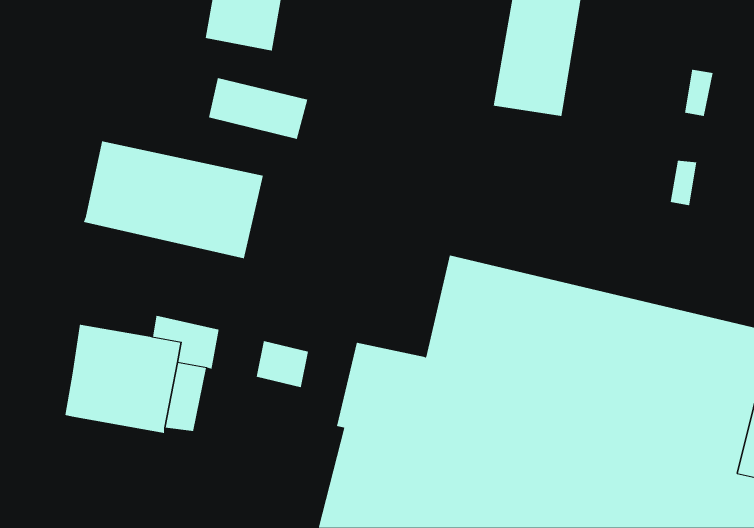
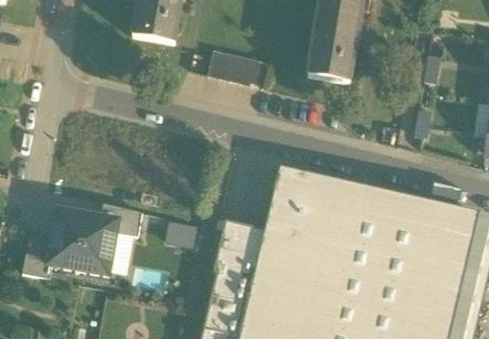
building: [208,78,308,139] -> [206,52,267,89]
building: [83,141,264,259] -> none
building: none -> [21,234,51,278]

